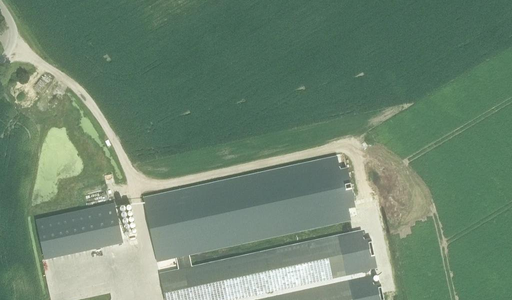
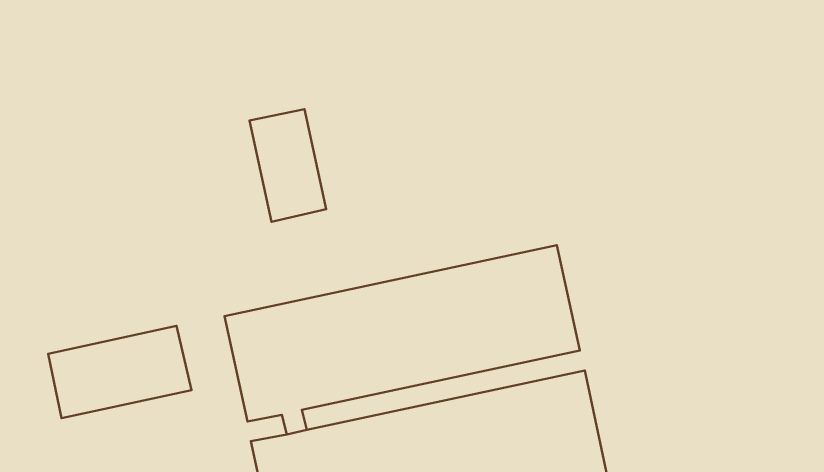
building: none -> [249,109,326,222]

